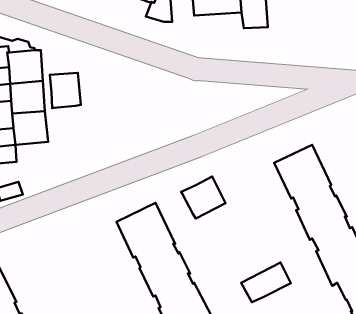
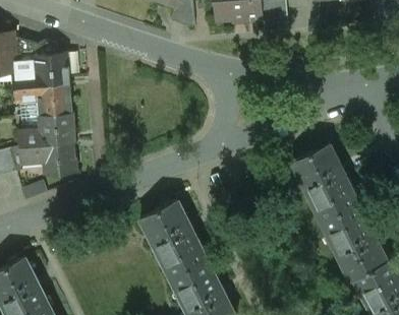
building: [50,73,81,108] -> none
building: none -> [43,141,76,173]
building: [181,177,225,219] -> none
building: [241,262,291,302] -> none

